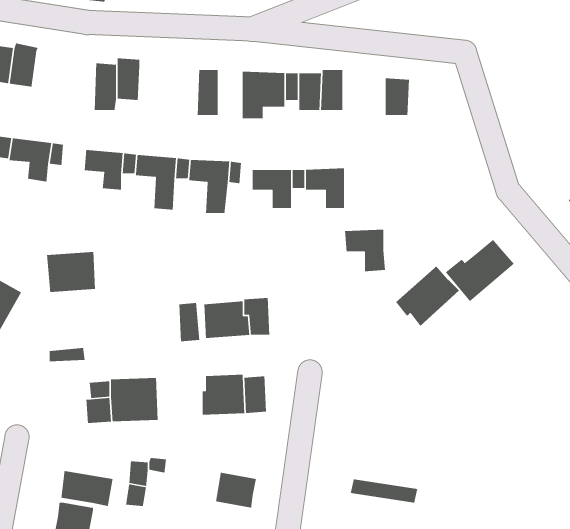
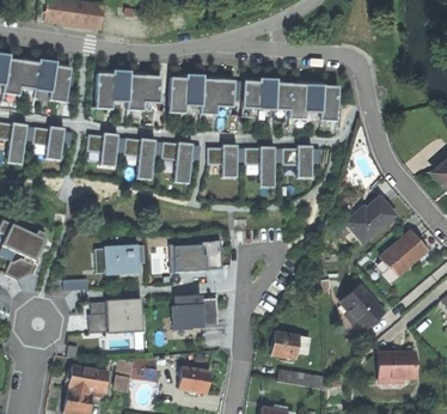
building: none -> [48,65,69,101]
building: none -> [183,74,200,105]
building: none -> [125,75,160,109]
building: none -> [273,84,302,118]
building: none -> [319,85,337,121]
building: [344,229,386,272] -> [282,147,312,178]
building: [46,251,96,293] -> [102,245,137,275]
building: [395,265,460,327] -> [381,233,428,278]
building: none -> [341,287,382,330]
building: none -> [271,333,308,360]
building: none -> [378,354,415,379]

